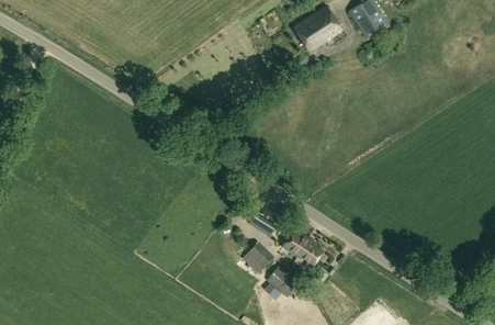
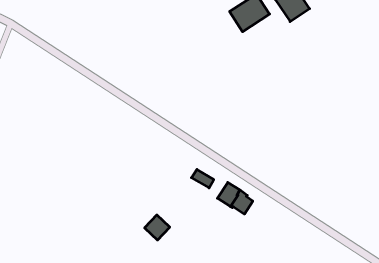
building: [243,243,272,272] -> [145,215,170,240]
building: [266,266,297,296] -> none

